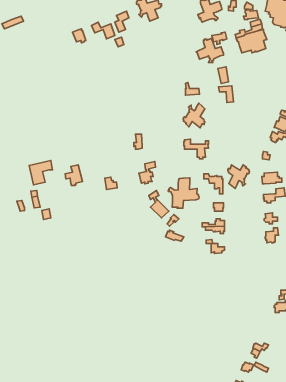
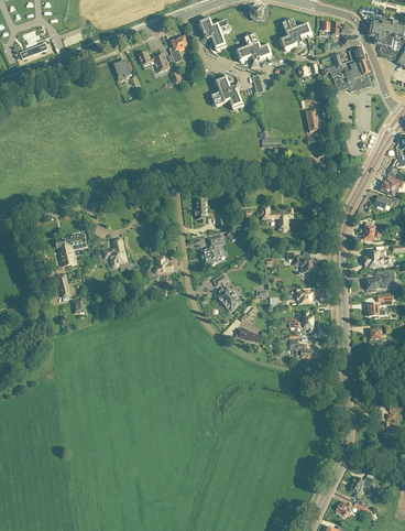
building: [196,38,223,63] -> [234,33,271,65]
building: none -> [211,75,242,110]
building: [183,103,205,128] -> none
building: [228,165,249,188] -> none
building: [168,178,199,208] -> none

